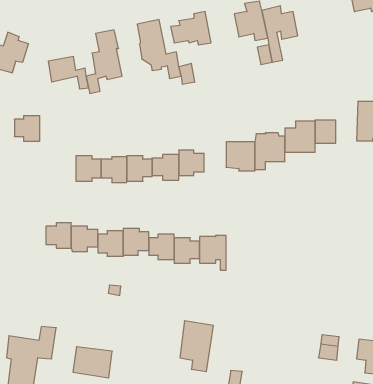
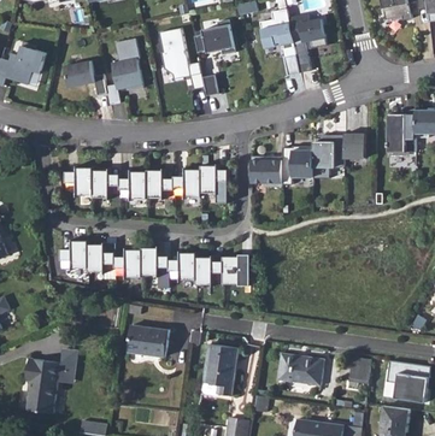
building: [14,116,40,141] -> [67,169,94,195]
building: none -> [276,352,324,385]
building: [73,347,112,378] -> [127,326,167,359]

